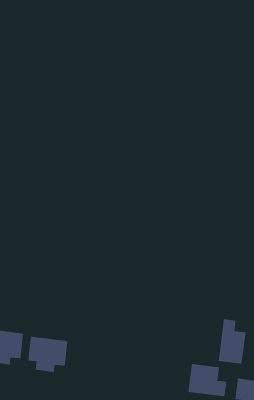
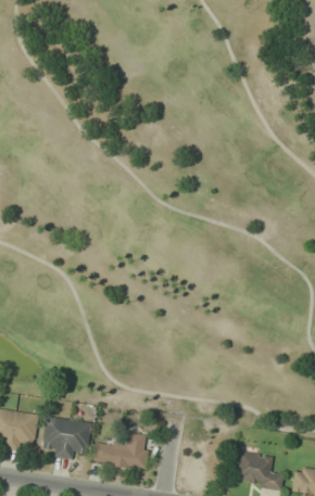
building: [218,319,246,364] -> none
building: none -> [92,432,150,471]

